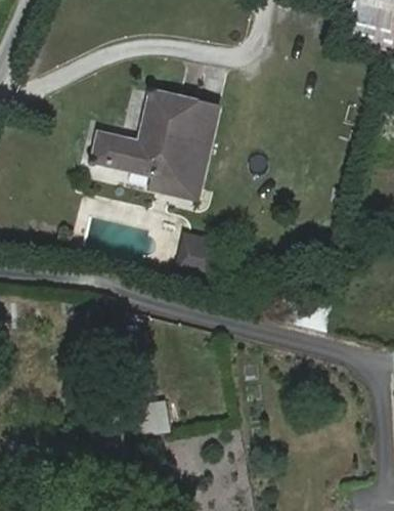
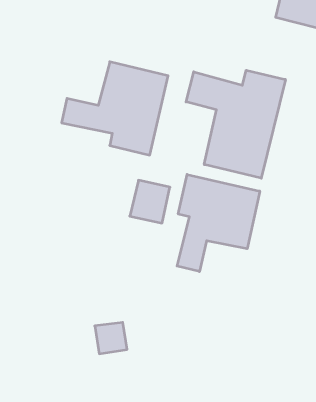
building: none -> [186,70,285,178]
building: none -> [177,174,260,272]

